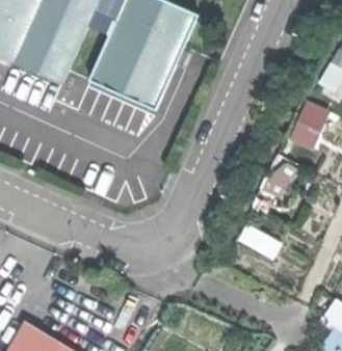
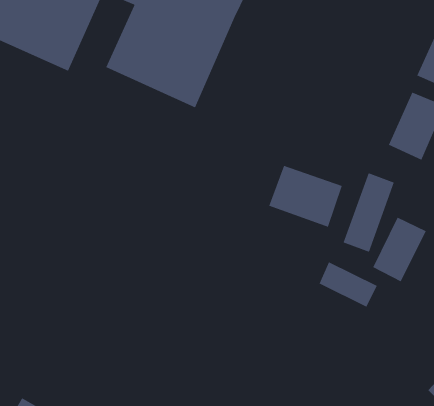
building: none -> [268,165,343,228]
building: none -> [372,217,427,283]

